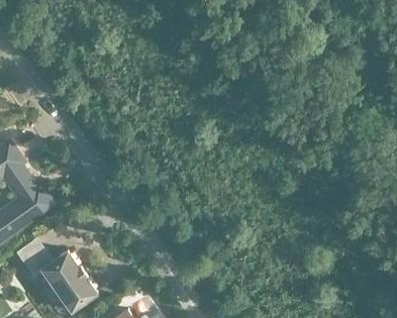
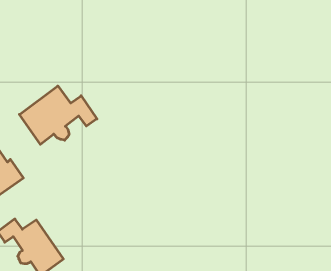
building: none -> [19,86,97,144]

